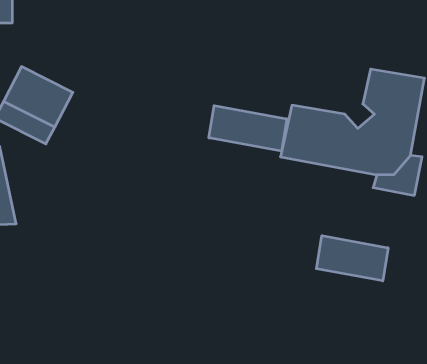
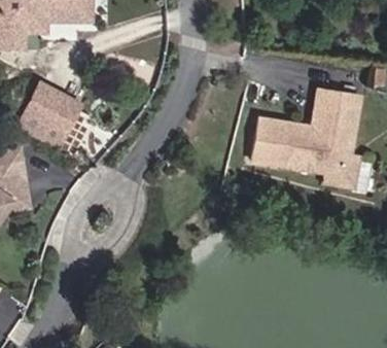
building: [209,106,287,151] -> none
building: [316,236,388,281] -> none

